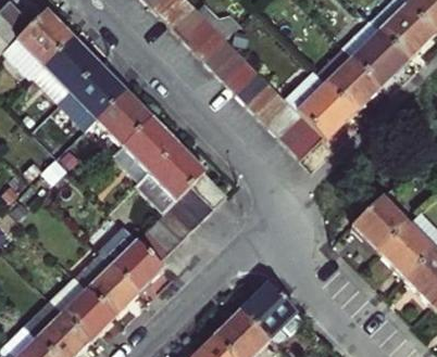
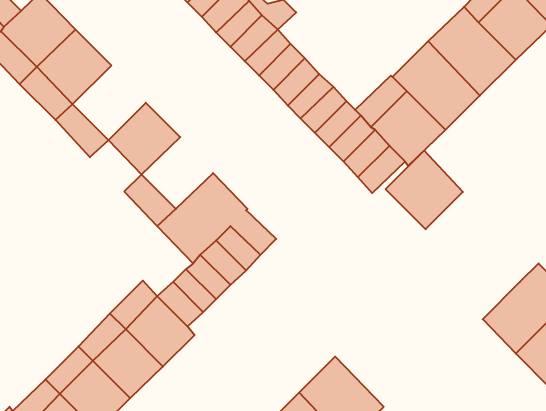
building: [71,63,126,119] -> none
building: [123,117,177,171] -> none
building: [351,195,410,255] -> [386,150,463,229]

